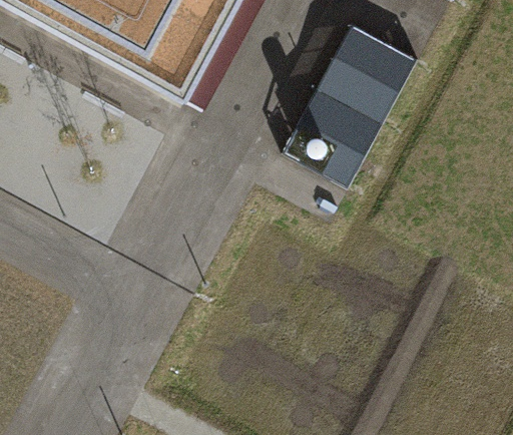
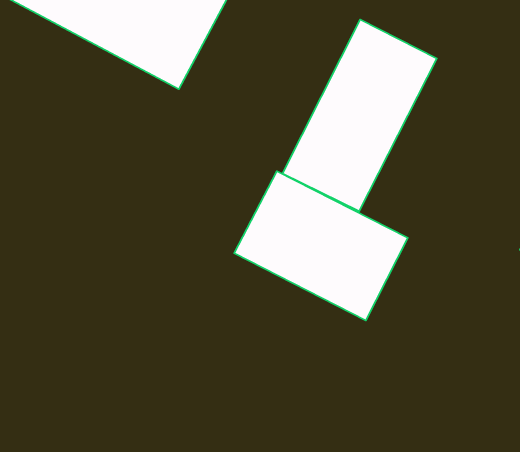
building: none -> [234,171,408,321]

